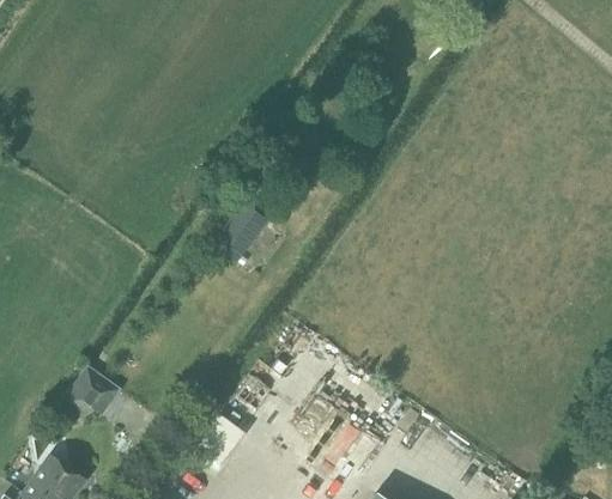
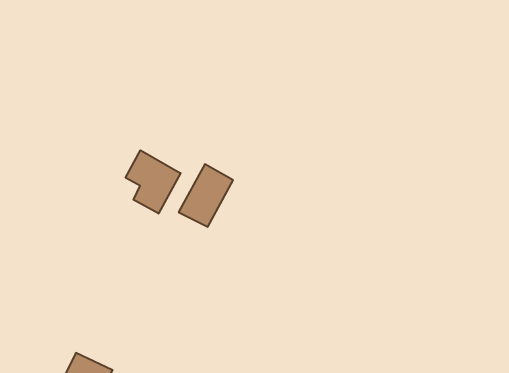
building: none -> [126,150,181,214]

